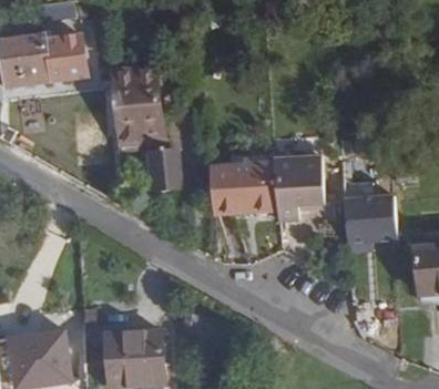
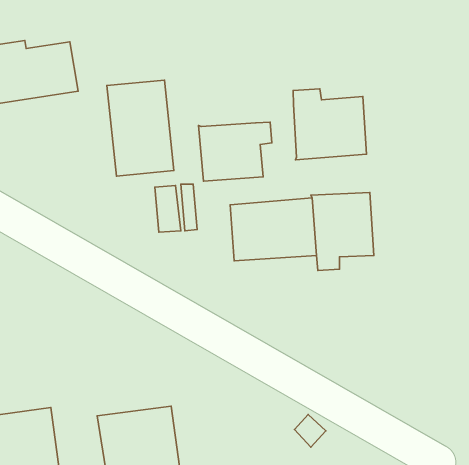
building: none -> [293,89,366,160]
building: none -> [198,122,272,181]
building: [341,193,396,247] -> none

